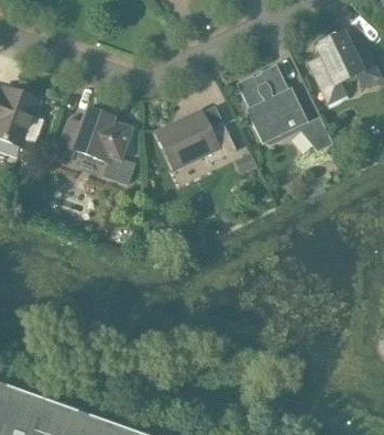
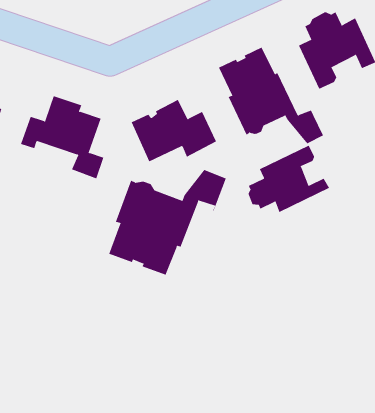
building: none -> [248,145,330,213]
building: none -> [108,169,226,276]

